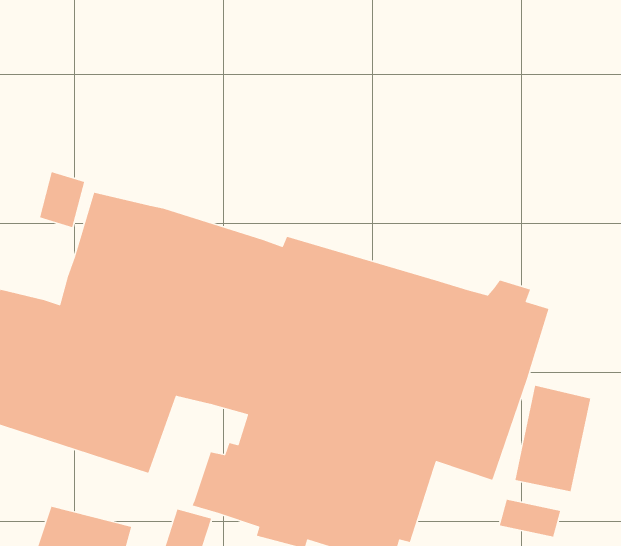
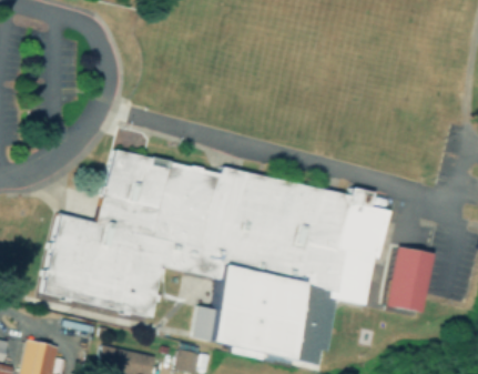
building: [39,171,85,228] -> none
building: [499,499,561,537] -> none

